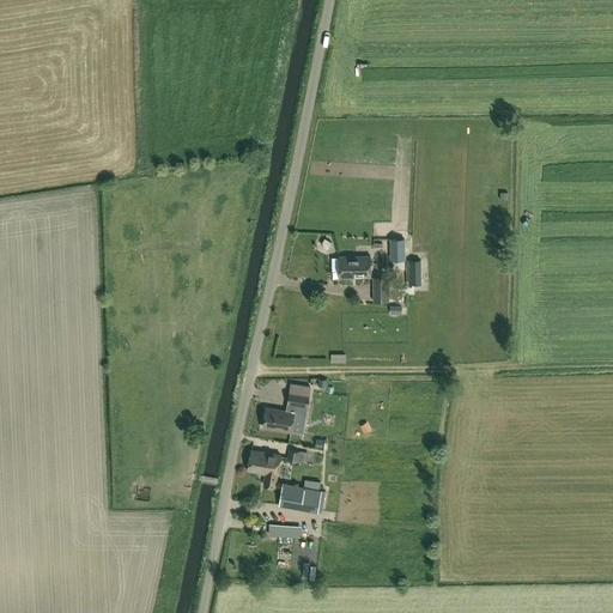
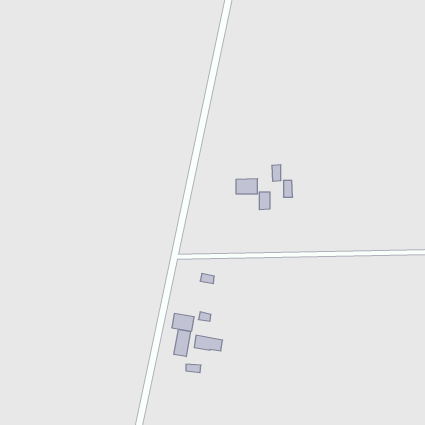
building: [262,409,293,433] -> none
building: none -> [174,330,190,357]

